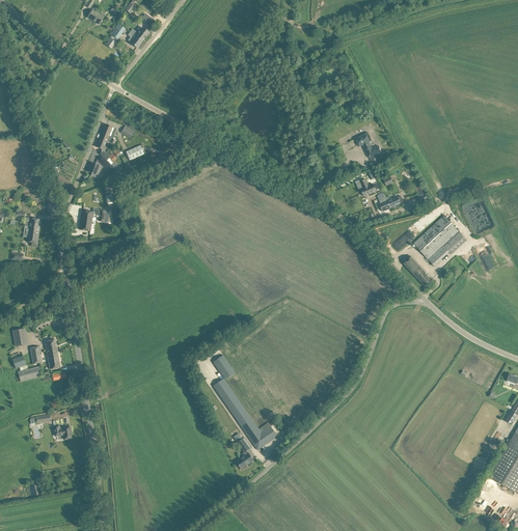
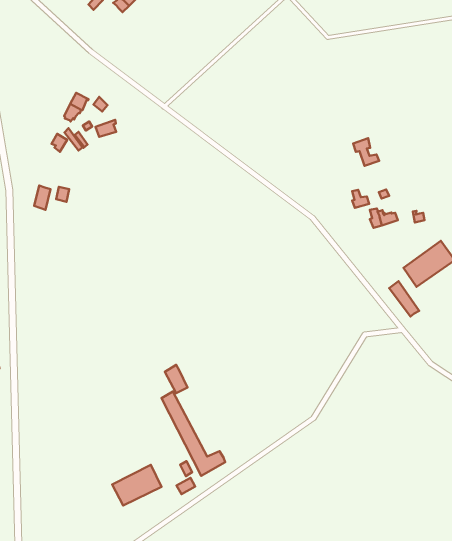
building: none -> [112,465,162,505]

